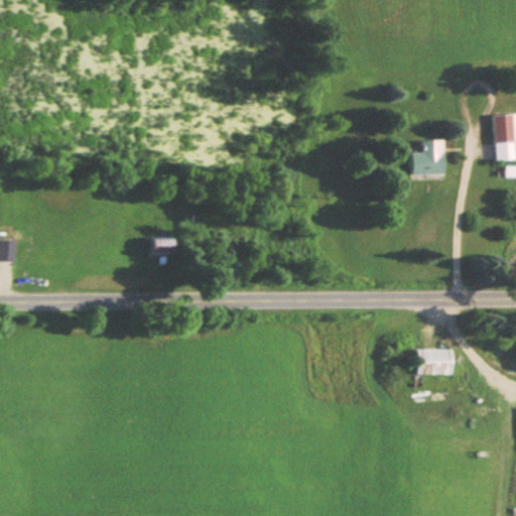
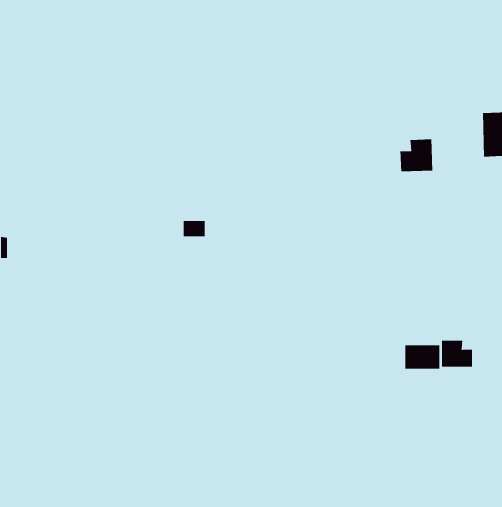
building: [149,237,172,254] -> [183,220,206,237]
building: none -> [441,340,473,368]

